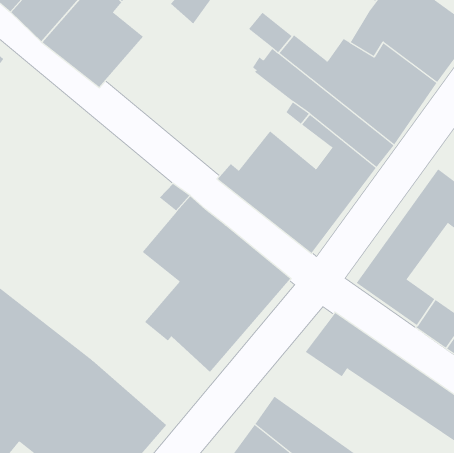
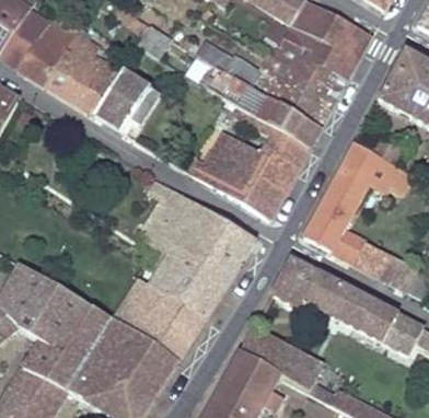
building: none -> [92,69,159,131]
building: none -> [114,281,204,361]

